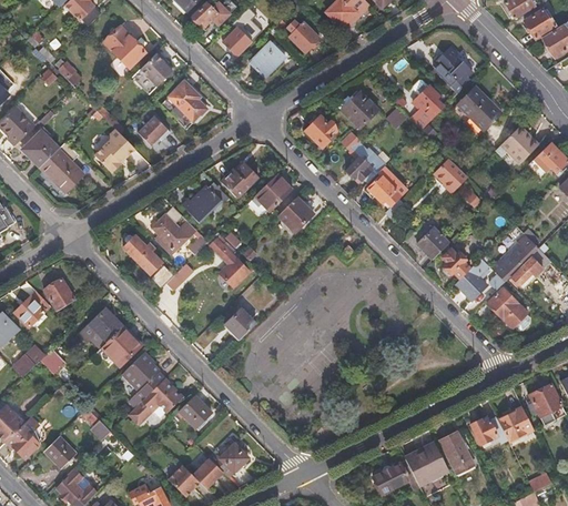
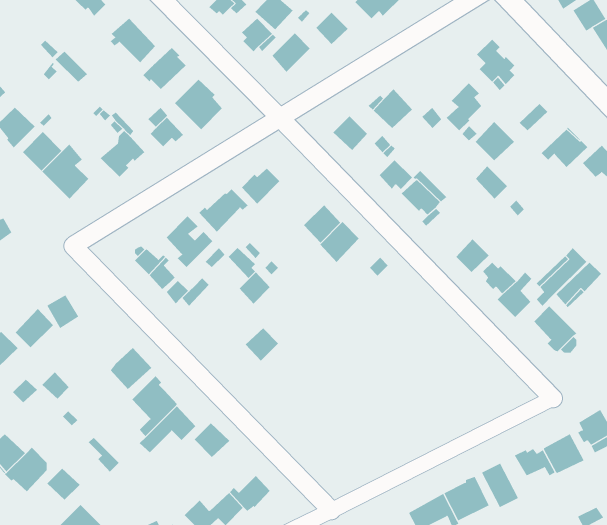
building: [457,85,494,122] -> [475,121,515,161]
building: [255,174,292,212] -> [319,221,360,263]
building: [80,307,123,342] -> none

